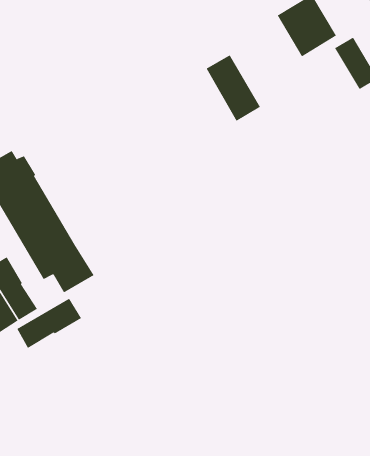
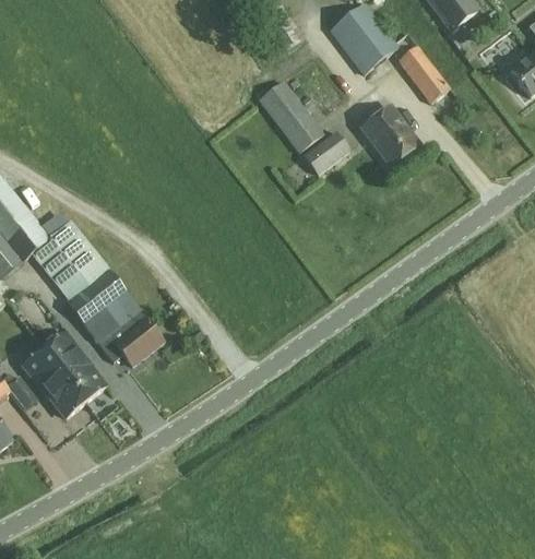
building: none -> [361,105,419,165]
building: none -> [302,129,350,173]
building: [16,298,82,349] -> none

